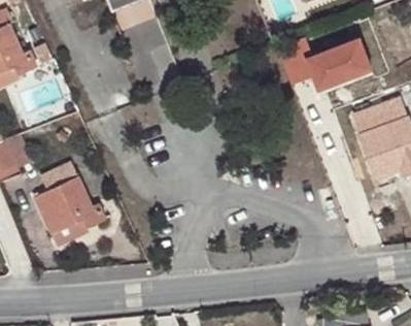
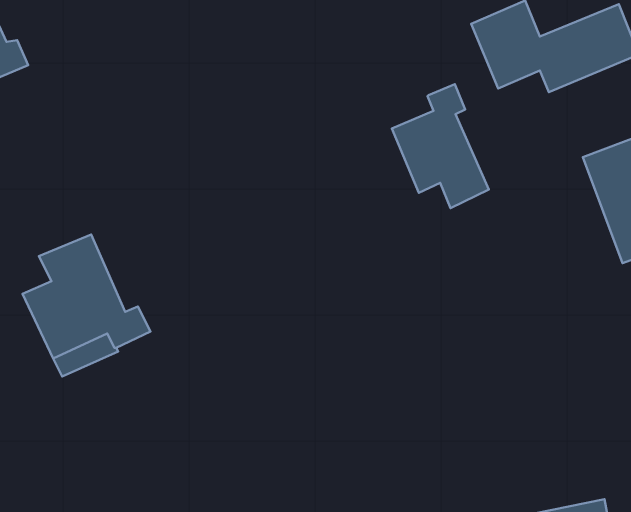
building: none -> [392,84,489,208]

